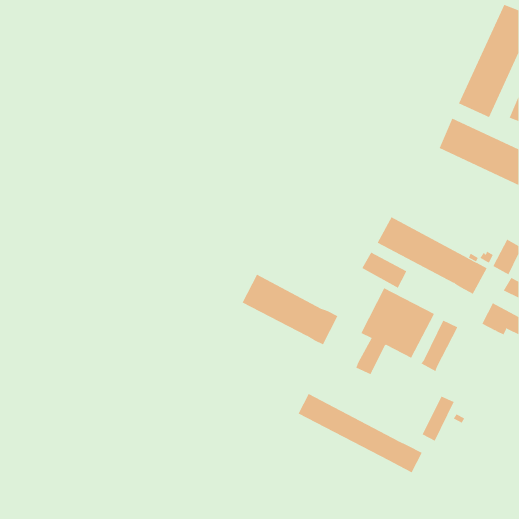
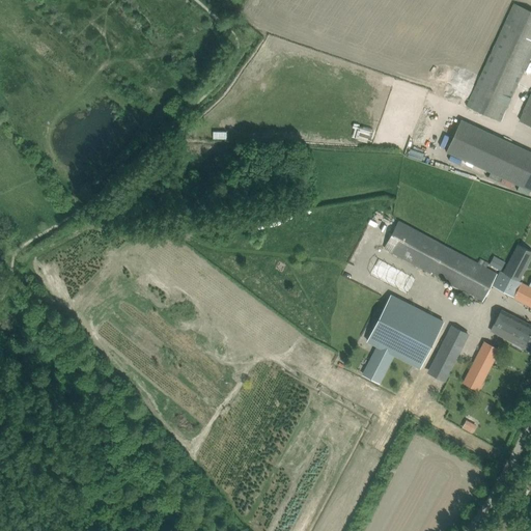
building: none -> [492,271,522,297]
building: [242,274,338,345] -> none
building: [298,393,422,473] -> none
building: [422,396,454,442] -> [465,342,498,389]

